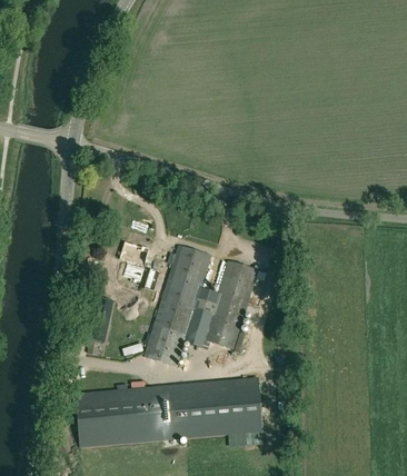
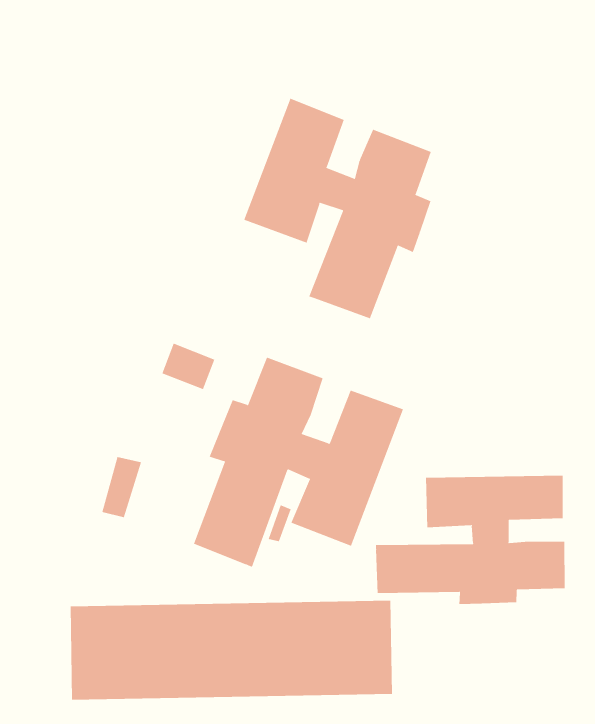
building: none -> [244,98,432,319]
building: none -> [375,475,565,605]

